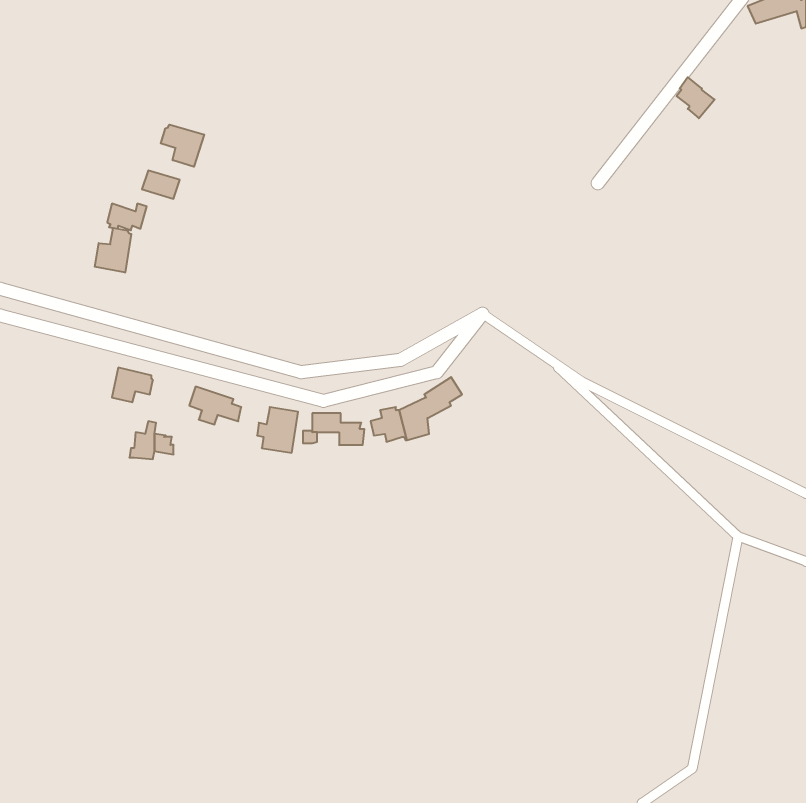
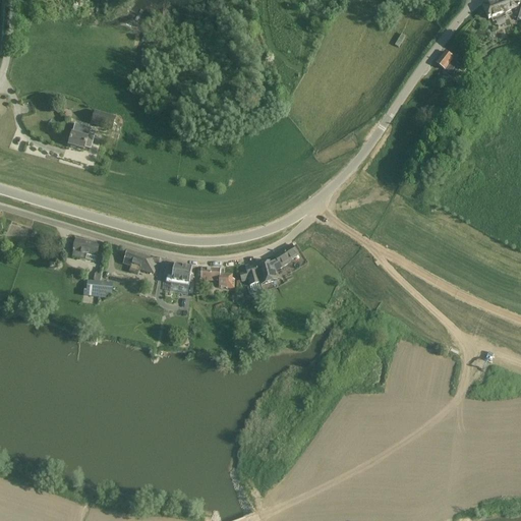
building: [161,125,204,167] -> none
building: [95,228,131,273] -> none

